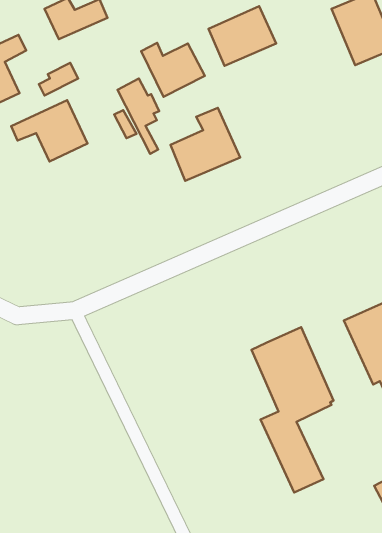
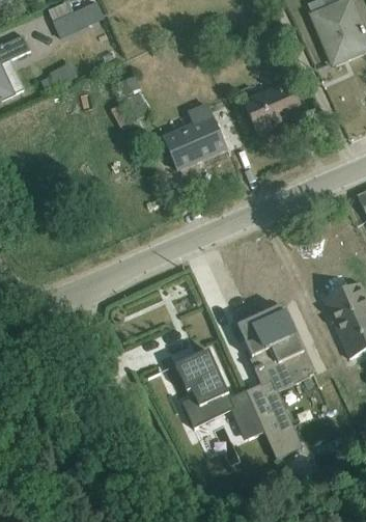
building: [209,6,276,66] -> [242,79,304,134]
building: [141,43,205,97] -> none
building: [11,100,87,161] -> none
building: none -> [175,350,262,439]

